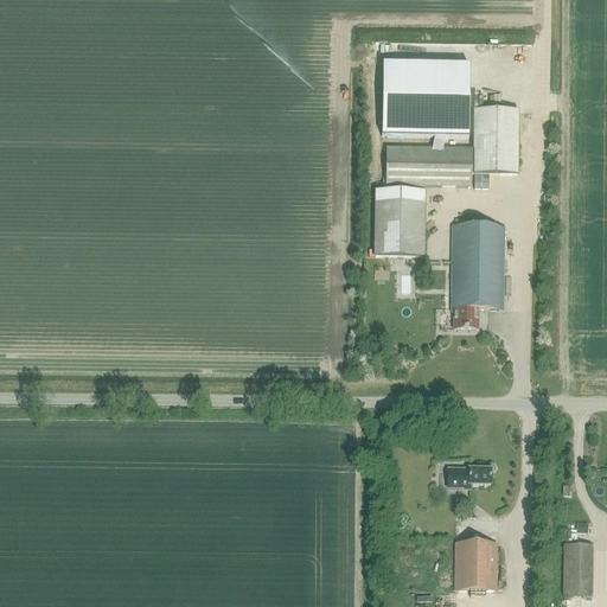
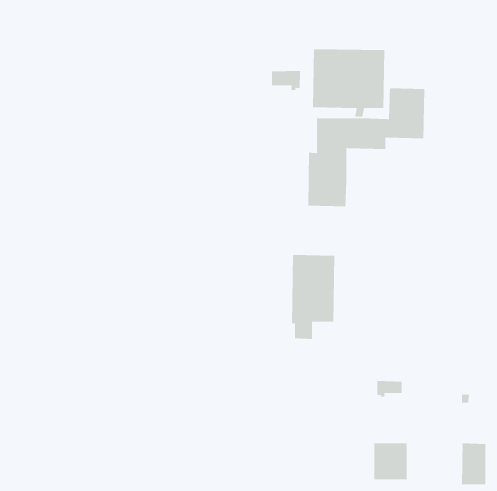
building: none -> [271,70,301,91]
building: [451,222,504,326] -> [291,254,335,340]

